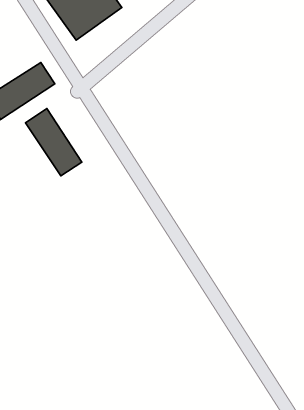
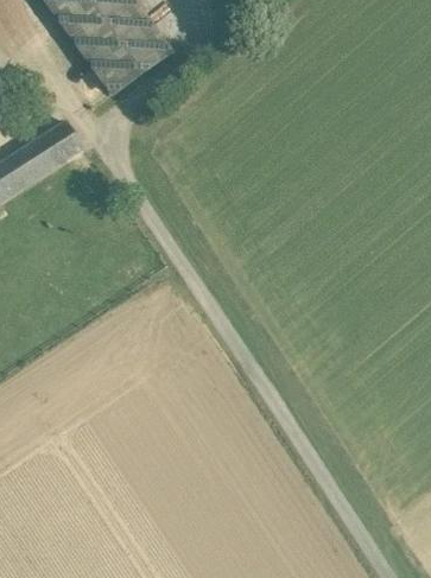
building: [26,108,82,176] -> none

